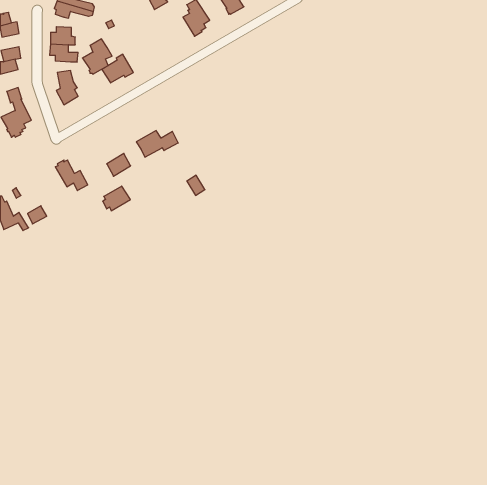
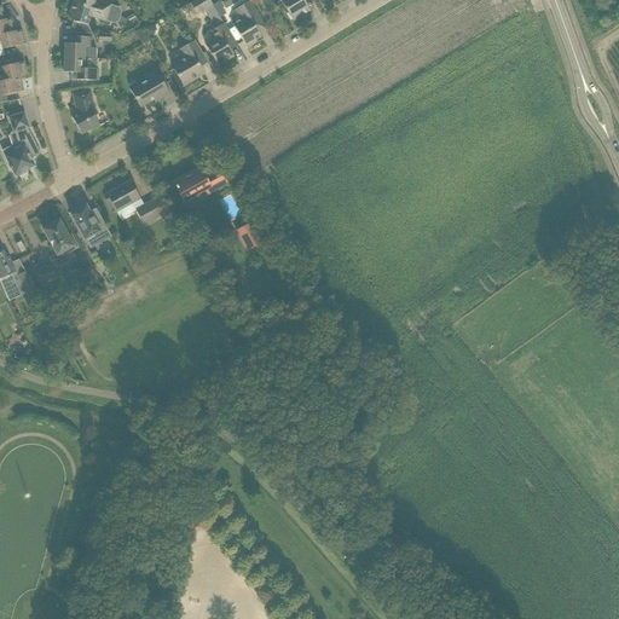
building: none -> [204,22,237,64]
building: [82,39,112,74] -> [170,39,208,83]
building: none -> [42,219,77,253]
building: [103,186,130,211] -> [105,179,140,210]

